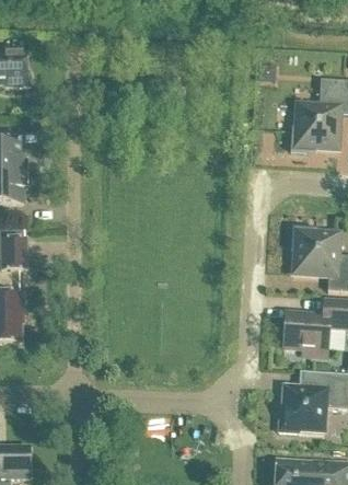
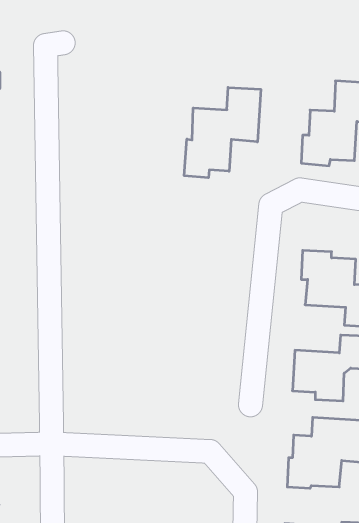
building: none -> [184,87,261,178]

